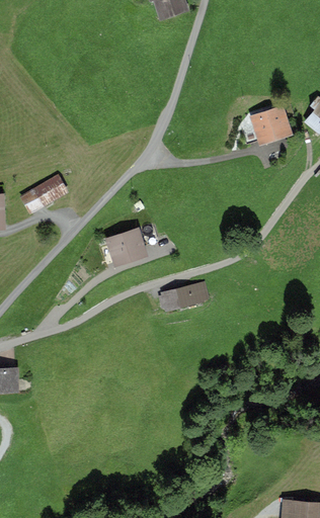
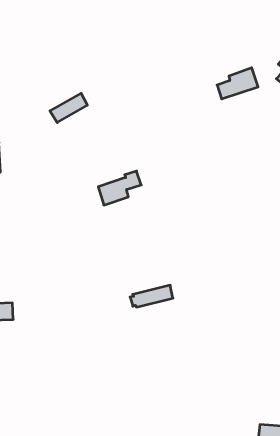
building: [23,176,65,208] -> [50,93,87,123]
building: [160,282,208,307] -> [130,285,173,307]

